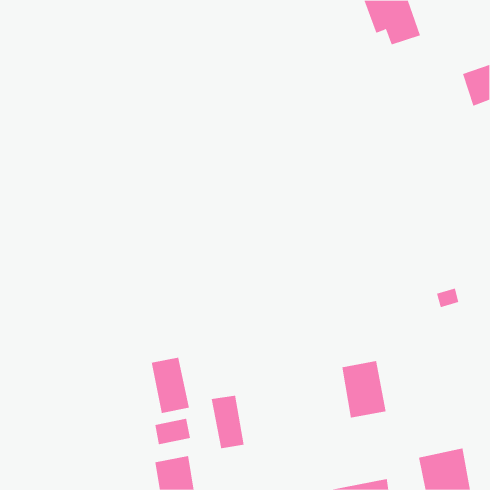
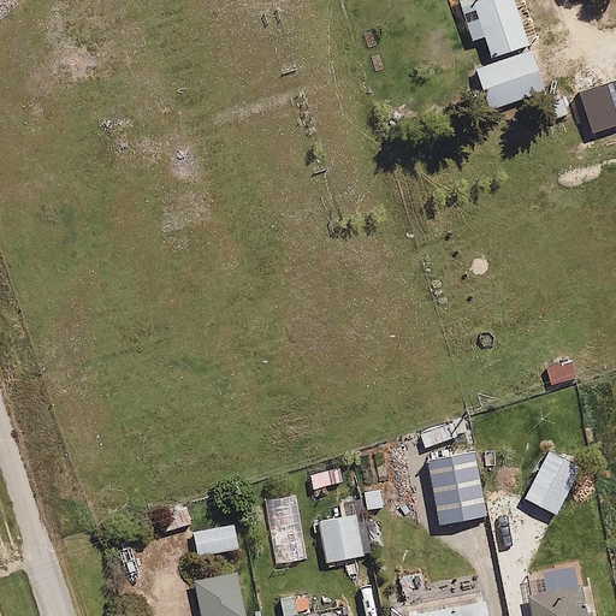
building: none -> [476,51,545,111]
building: [151,357,190,414] -> none
building: none -> [526,452,580,514]
building: none -> [320,514,363,562]

